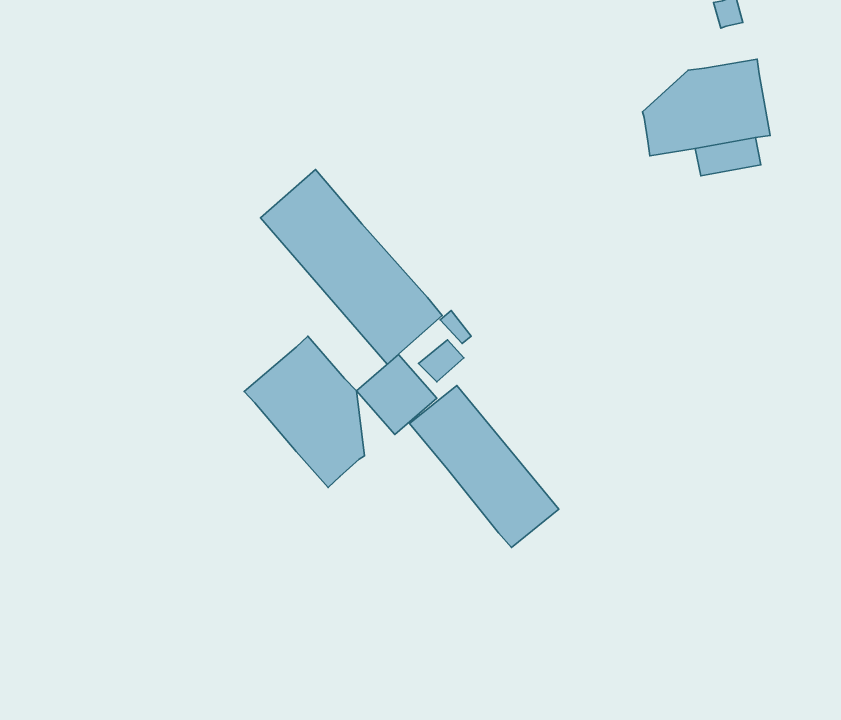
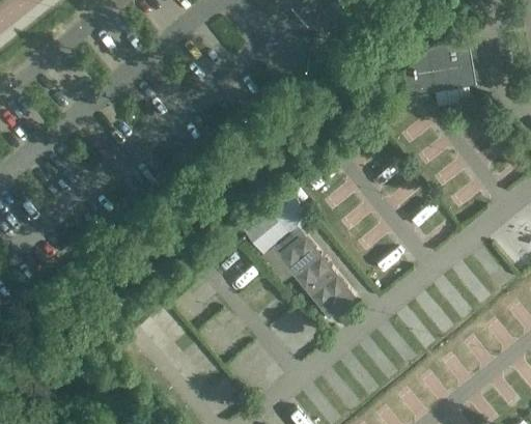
building: [260,169,442,364] -> none
building: [244,336,365,488] -> none

